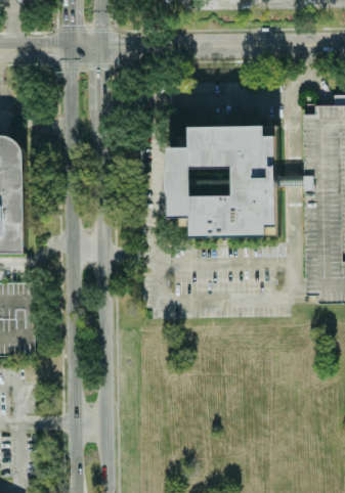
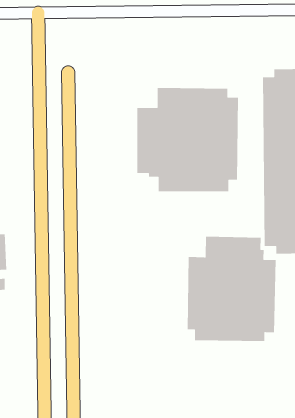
building: none -> [187,236,277,342]

